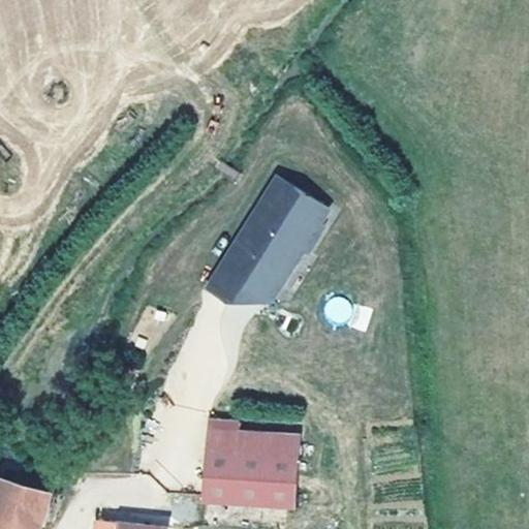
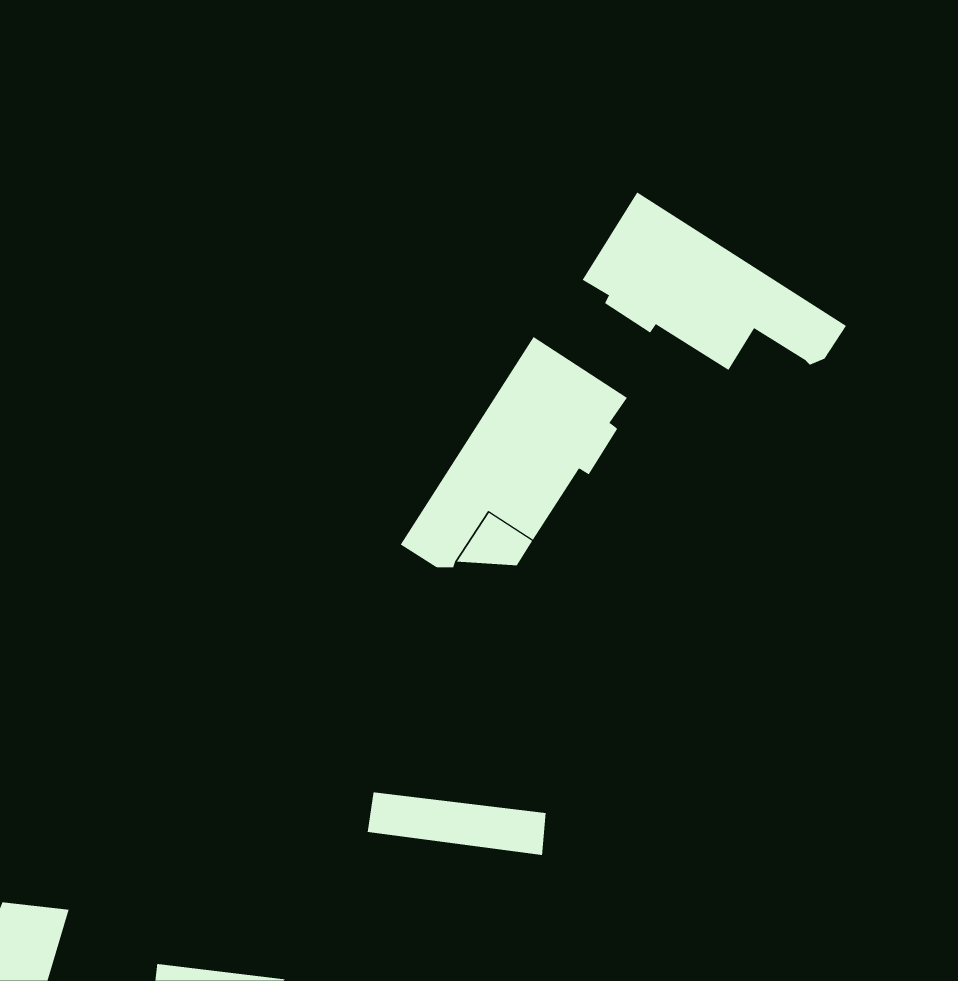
building: none -> [582,192,847,371]
building: [190,445,290,510] -> none

